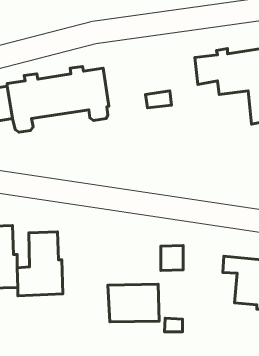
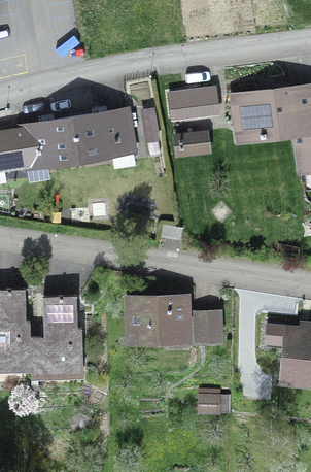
building: none -> [169,89,218,115]
building: [108,284,159,322] -> [128,297,186,340]

